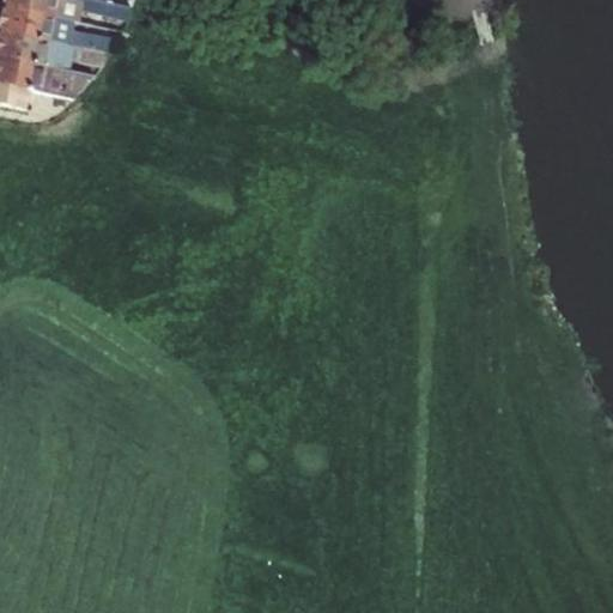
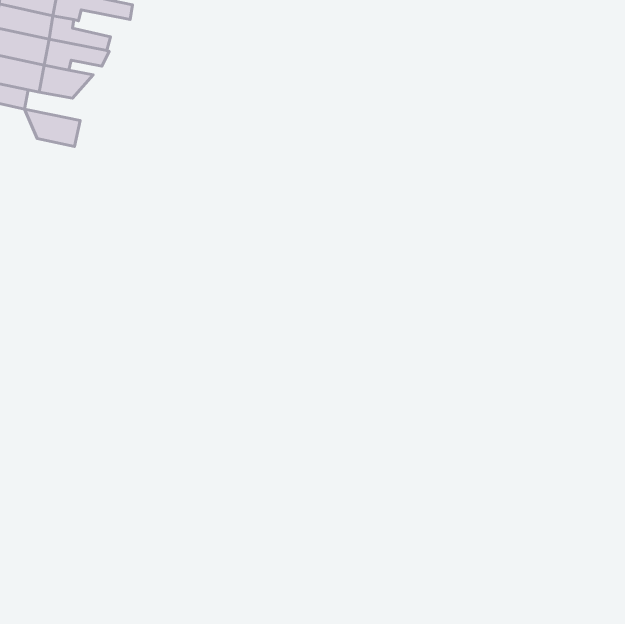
building: none -> [25,109,80,147]

